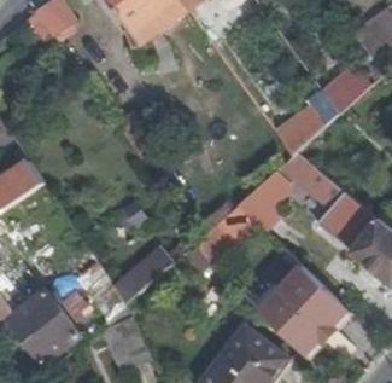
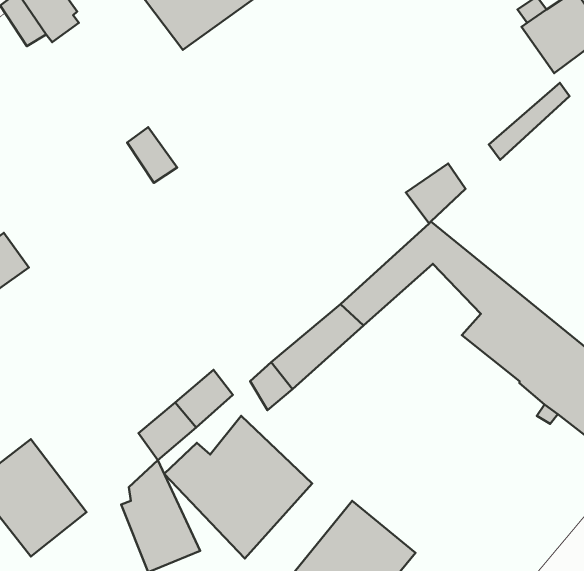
building: [252,266,345,355] -> [164,416,312,559]

